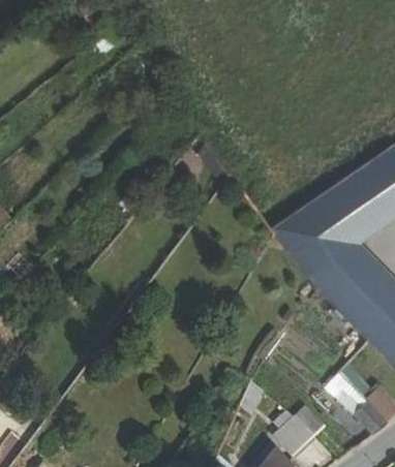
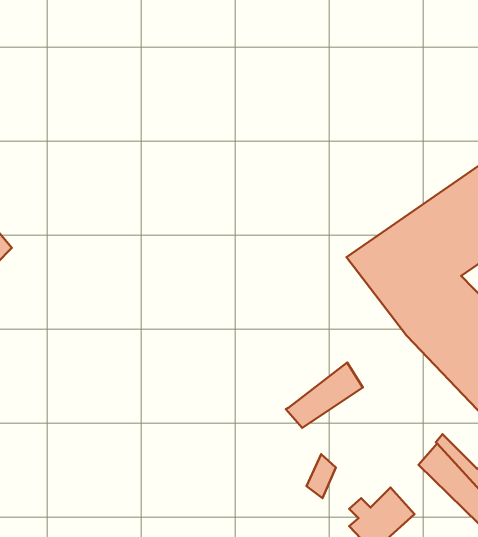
building: none -> [286,363,363,428]

